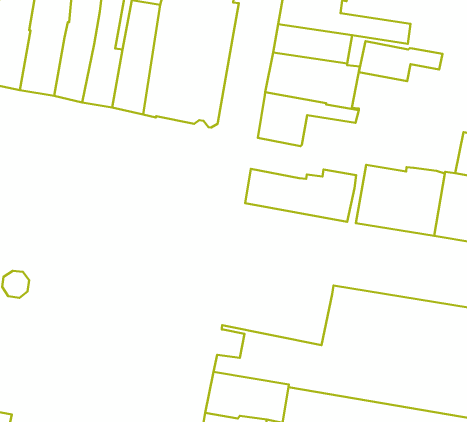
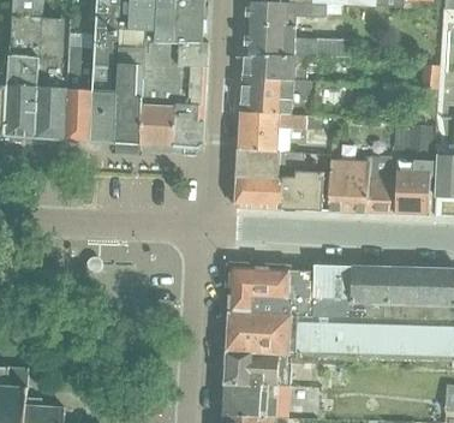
building: [359,41,442,81] -> [235,150,303,179]
building: none -> [228,267,316,315]

